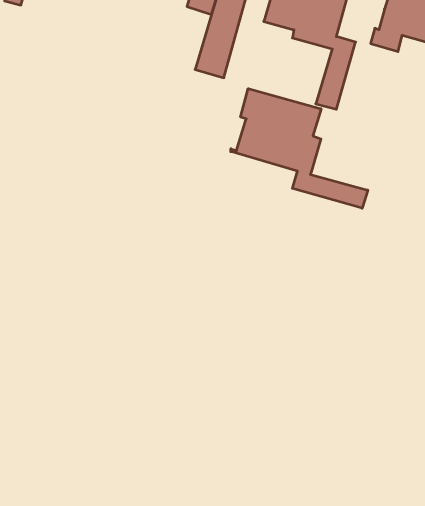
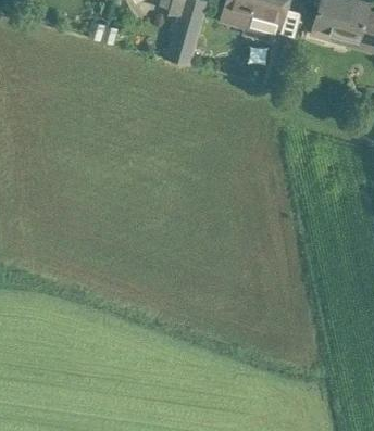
building: [231,89,368,208] -> none

